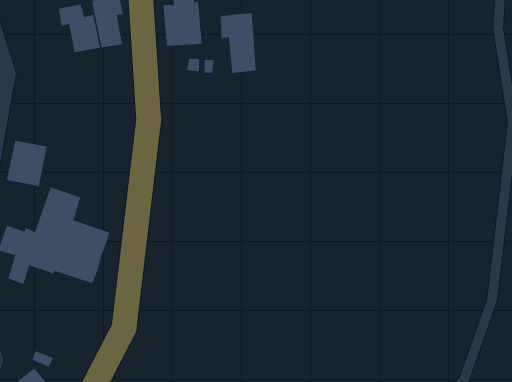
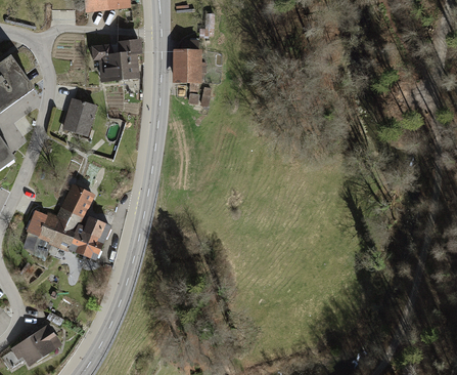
building: [220,13,256,74] -> none
building: [6,140,48,186] -> [61,98,96,136]

